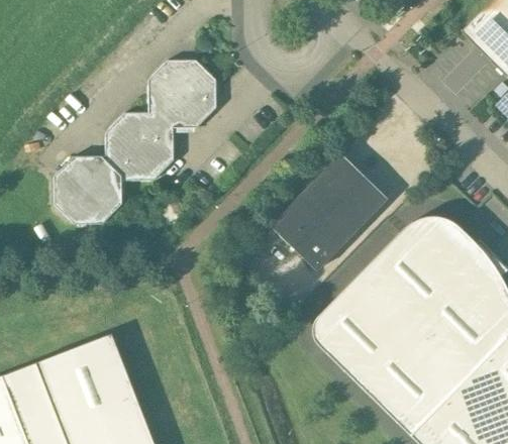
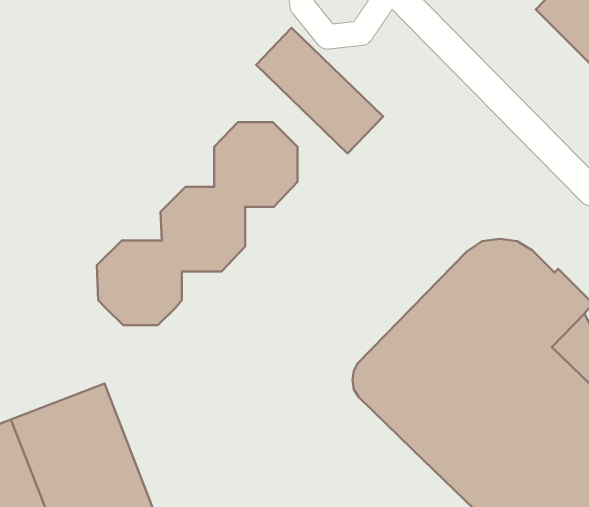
building: none -> [256,28,383,154]
building: [54,61,216,225] -> [97,122,298,325]
building: [271,153,387,271] -> none

